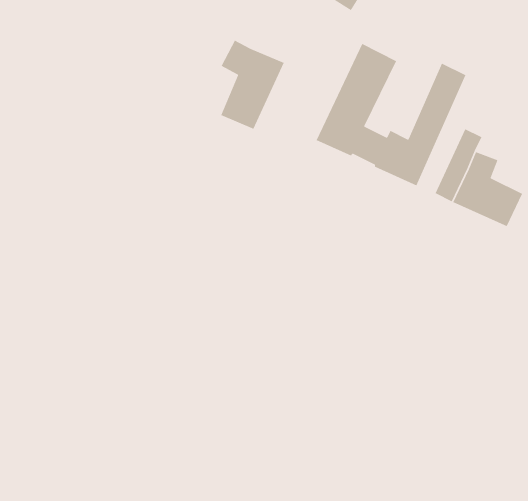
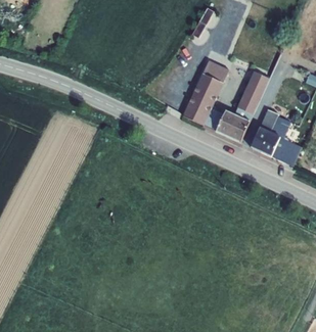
building: [220,39,285,130] -> none

